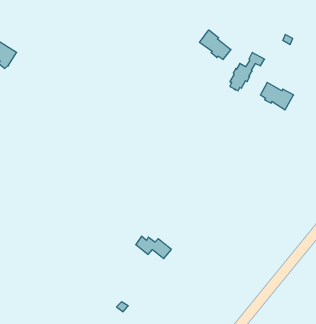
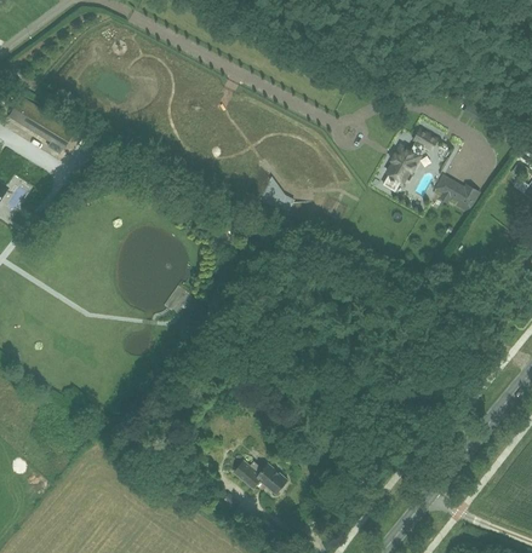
building: [199,30,231,60] -> none
building: [136,236,171,259] -> [234,460,286,492]

